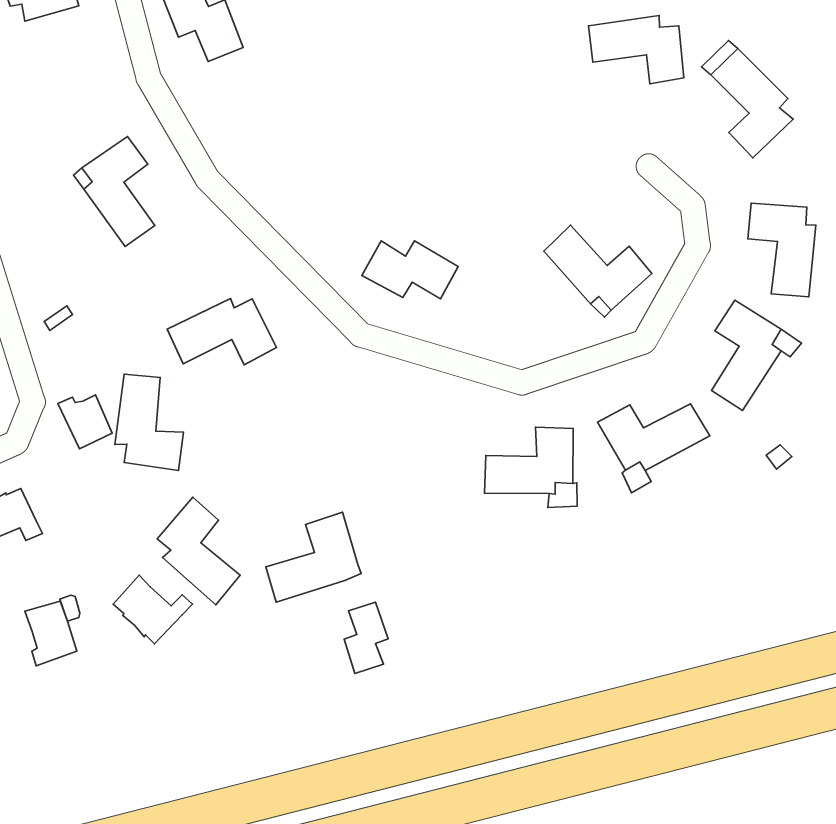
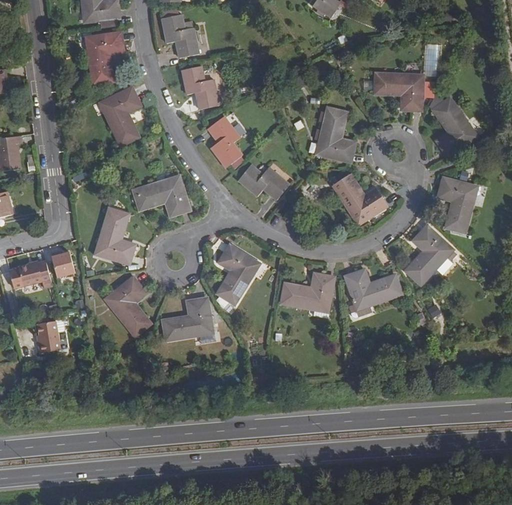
building: none -> [87,34,123,84]
building: none -> [181,67,218,109]
building: none -> [319,109,354,161]
building: none -> [207,117,241,168]
building: [58,395,112,449] -> [49,249,74,276]
building: none -> [217,246,253,303]
building: [113,575,193,644] -> none
building: [344,602,388,673] -> none

